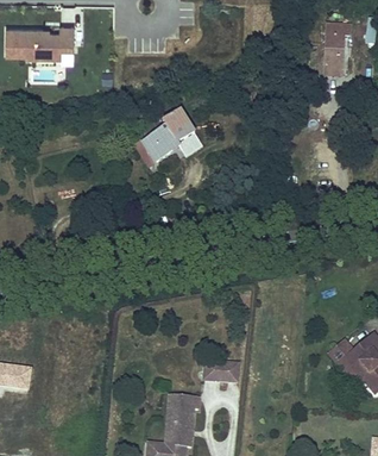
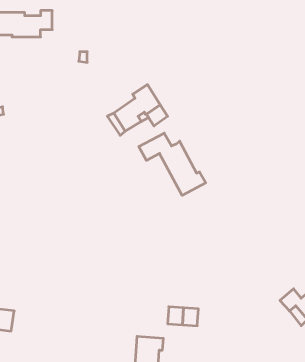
building: [325,26,349,70] -> none
building: none -> [139,133,206,195]

